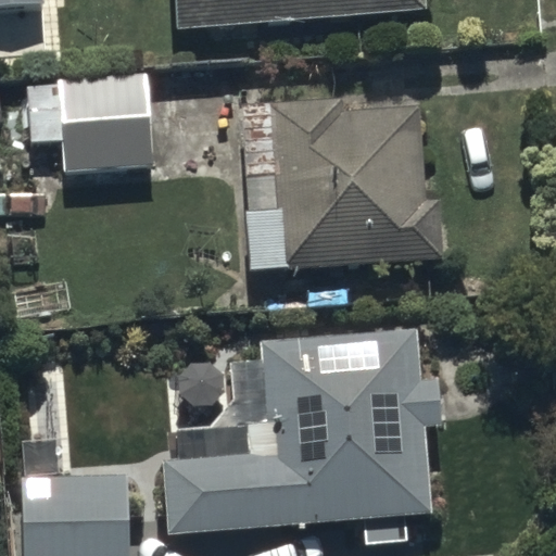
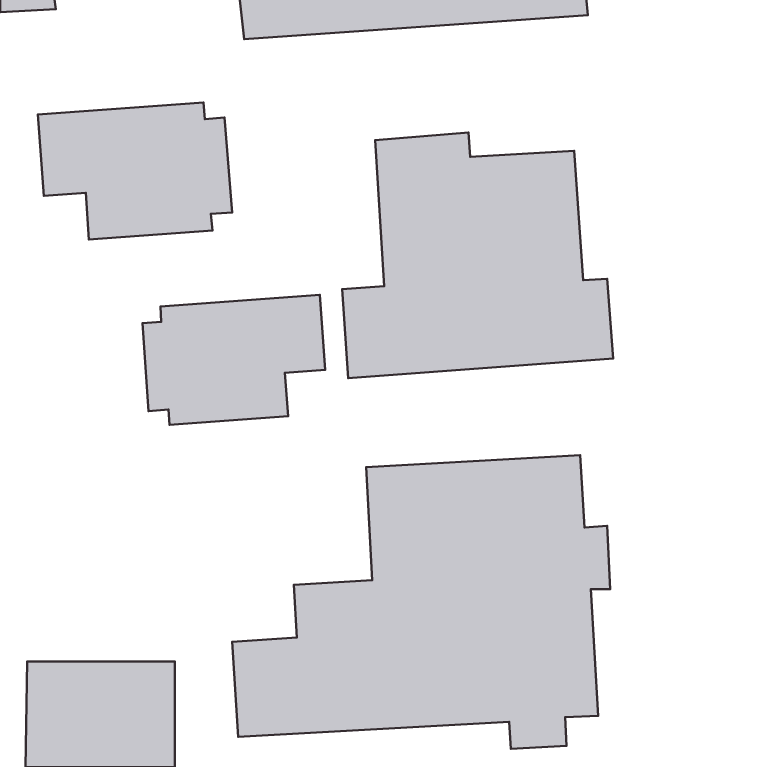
building: none -> [142,295,325,425]

